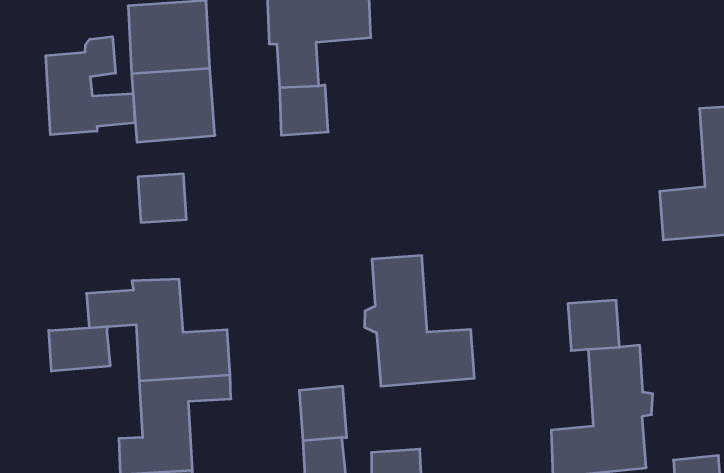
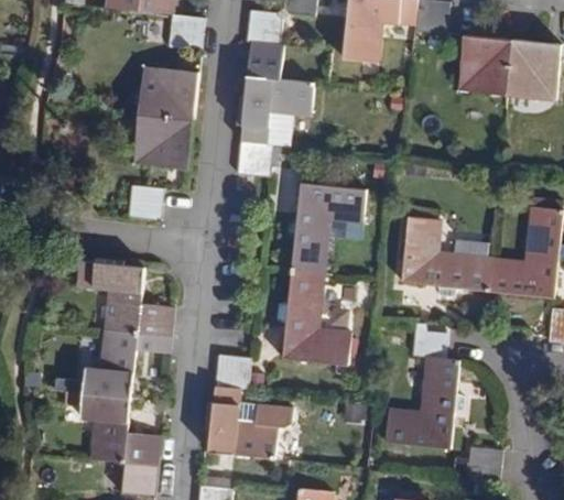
building: [46,37,135,135] -> none
building: none -> [280,181,359,273]
building: none -> [401,216,492,296]
building: [49,327,110,371] -> none

